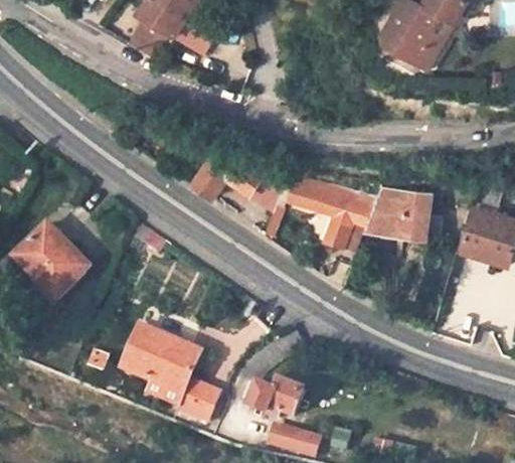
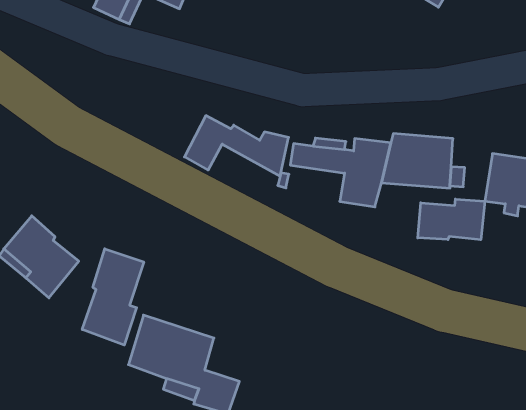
building: none -> [418,199,485,240]
building: none -> [82,249,144,345]
building: [244,380,301,419] -> none

